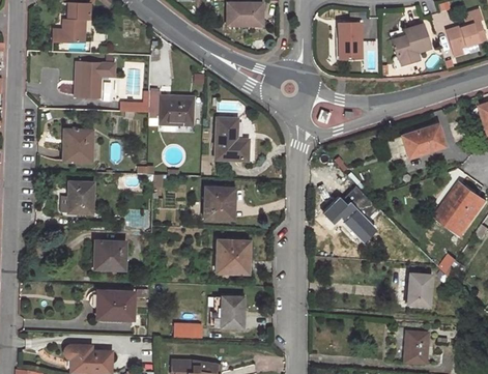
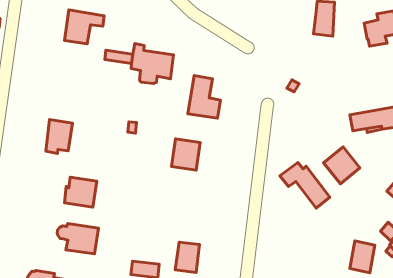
building: [64,130,92,162] -> none
building: none -> [324,147,360,184]
building: [217,239,249,271] -> none

